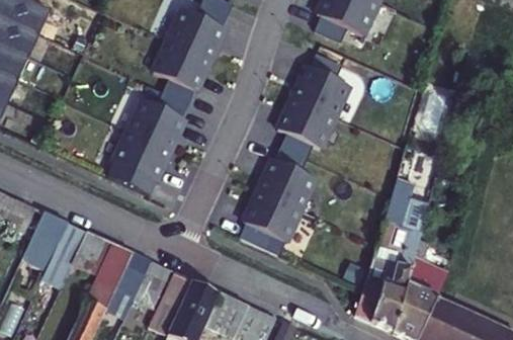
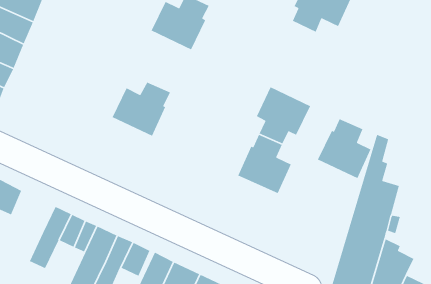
building: [154,41,210,105] -> none
building: [292,56,349,119] -> [317,118,371,179]
building: [113,132,170,196] -> none
building: [239,192,301,250] -> none
building: [31,212,69,251] -> none

